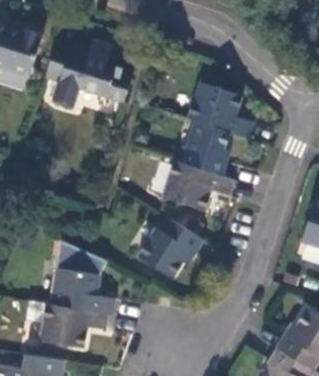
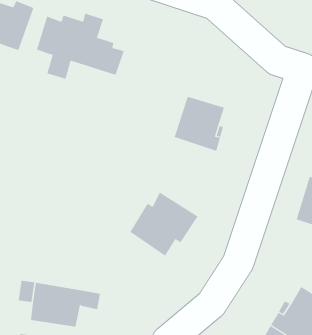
building: [186,83,252,138] -> none
building: [162,161,234,211] -> none
building: [48,241,115,316] -> none

